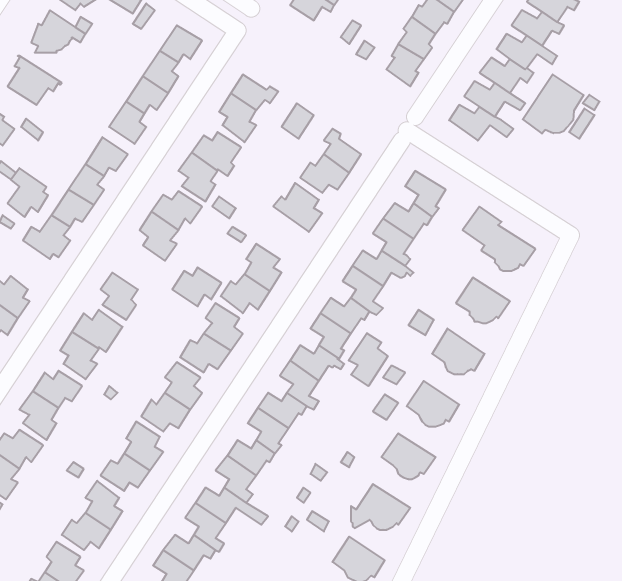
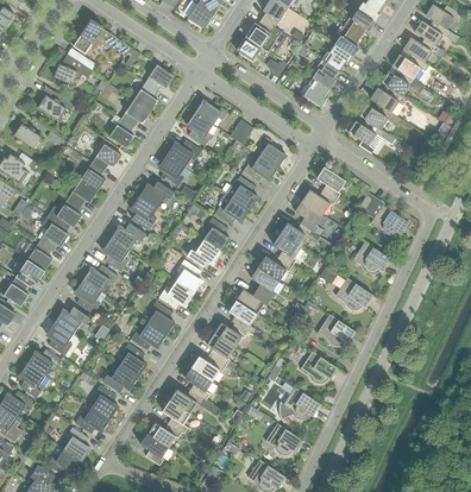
building: [523,74,584,134] -> none
building: [8,168,48,217] -> [39,215,68,250]
building: none -> [214,191,249,223]
building: [172,267,221,306] -> [111,222,145,250]
building: [349,333,388,386] -> none

